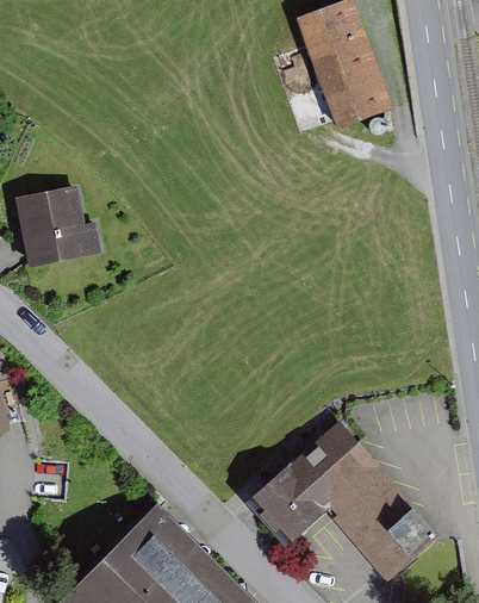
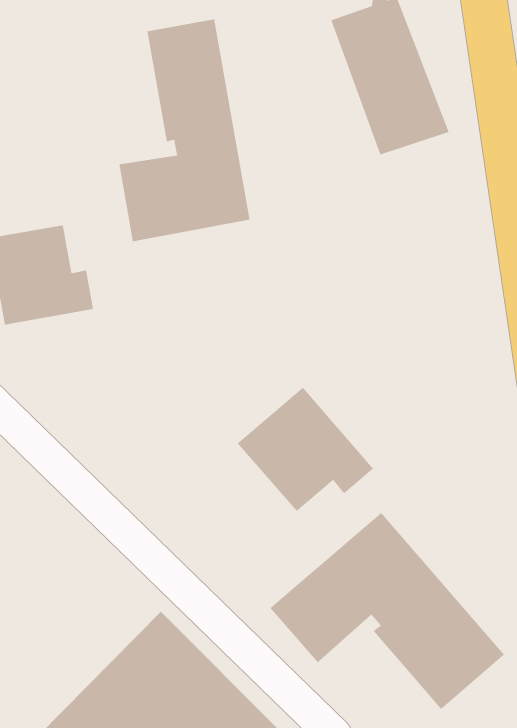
building: none -> [119,19,250,242]
building: none -> [237,387,374,512]

